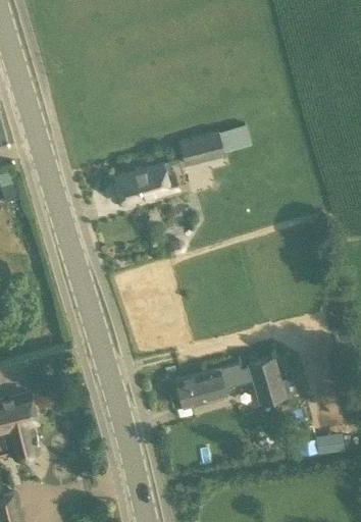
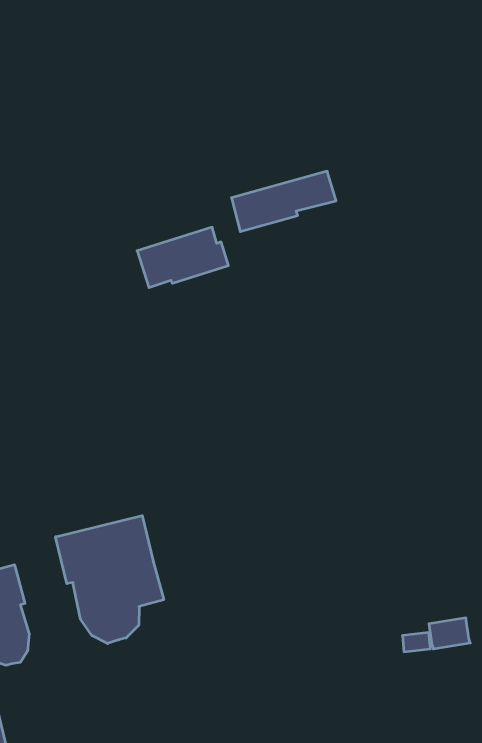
building: [175,356,287,407] -> none
building: none -> [56,516,164,644]

